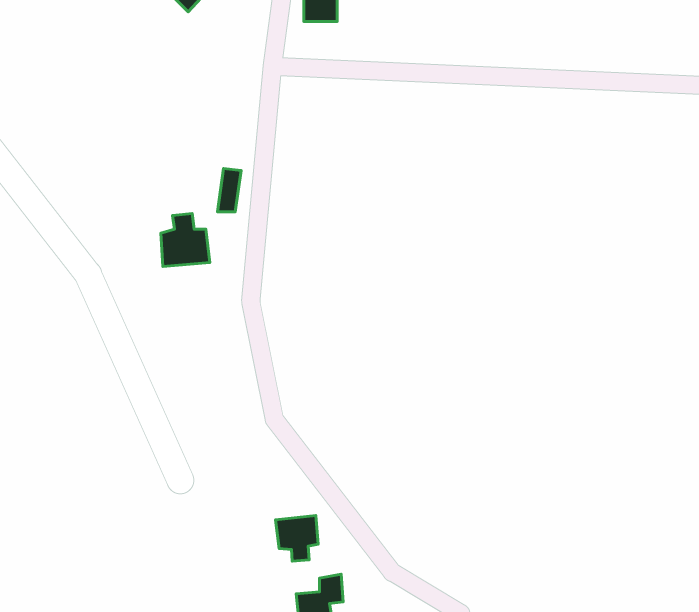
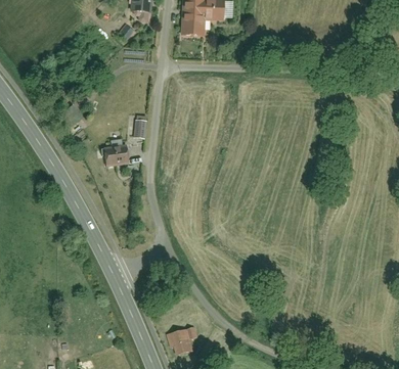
building: [275,515,318,561] -> none

